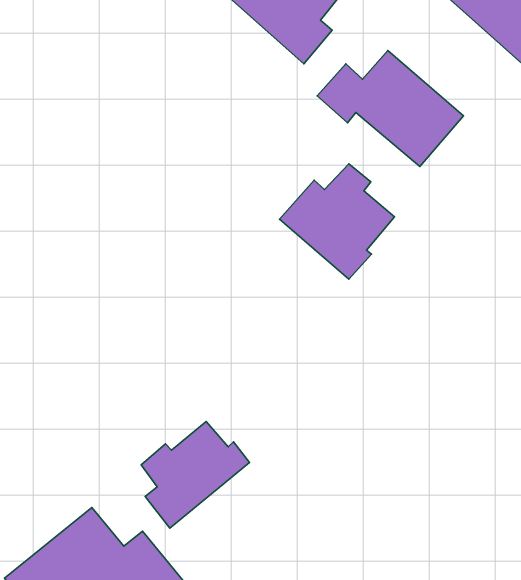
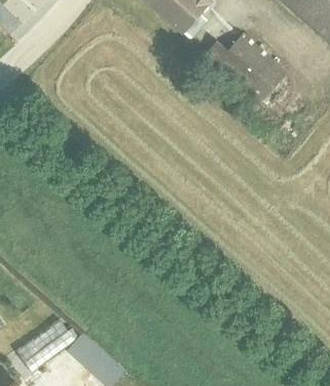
building: [279,164,394,279] -> none
building: [141,421,250,528] -> none

